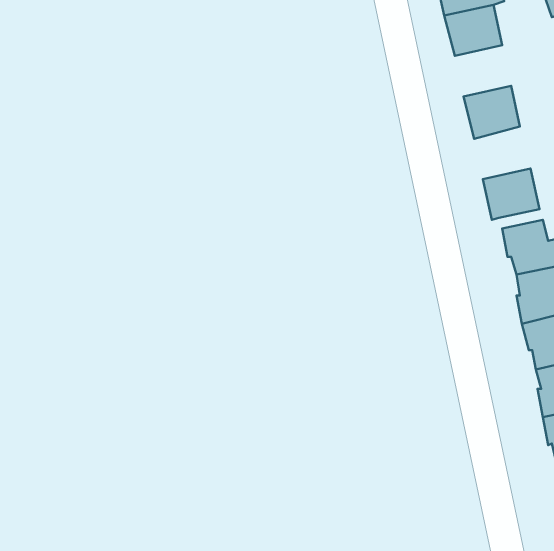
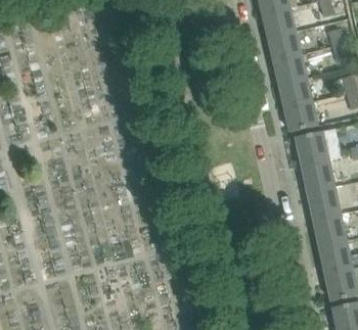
building: none -> [268,32,301,61]
building: none -> [279,79,312,109]

